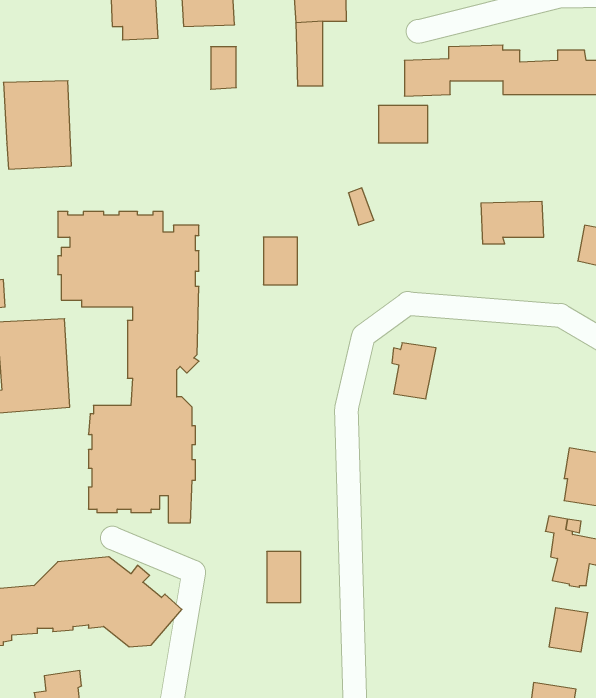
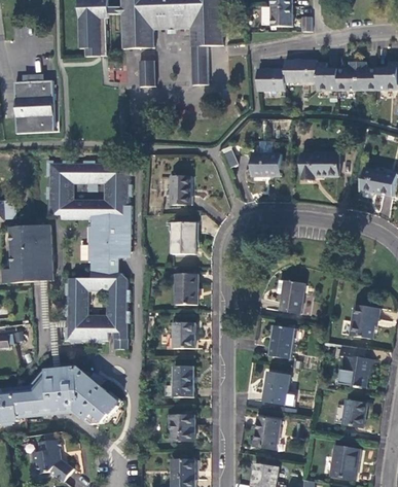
building: [378,106,428,143] -> [253,154,283,177]
building: none -> [172,221,195,253]
building: [392,343,436,399] -> [281,280,307,314]
building: none -> [175,274,197,305]
building: none -> [173,322,194,348]
building: none -> [269,324,296,358]
building: none -> [264,372,290,406]
building: none -> [170,416,195,441]
building: none -> [254,418,281,451]

